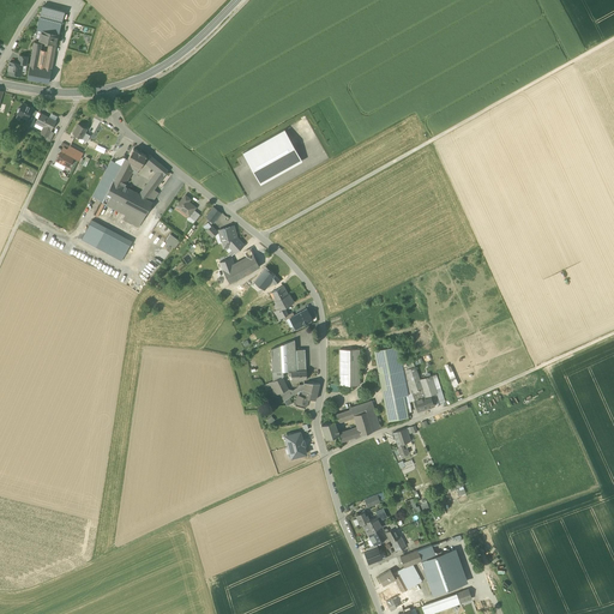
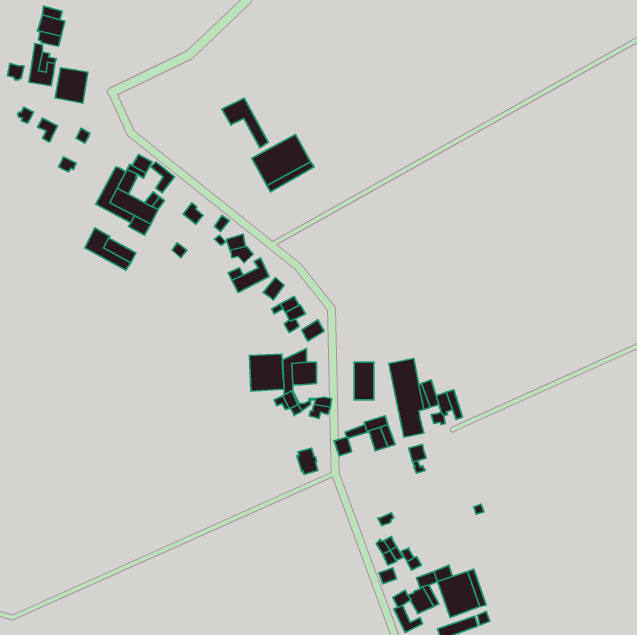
building: none -> [55,68,88,103]
building: none -> [222,98,268,148]
building: none -> [249,354,284,391]

